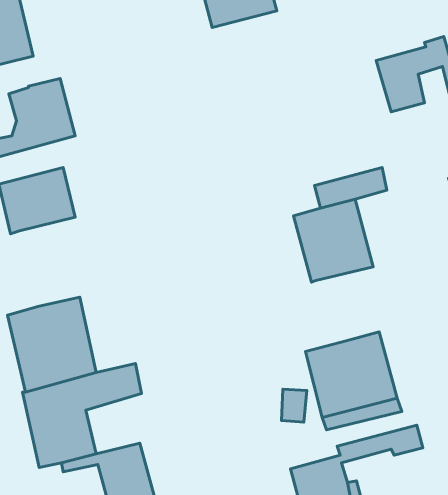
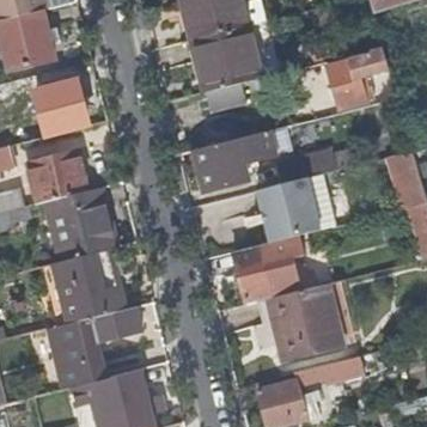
building: none -> [197,26,263,93]
building: none -> [196,132,276,191]
building: none -> [44,188,114,261]
building: none -> [231,240,304,304]

